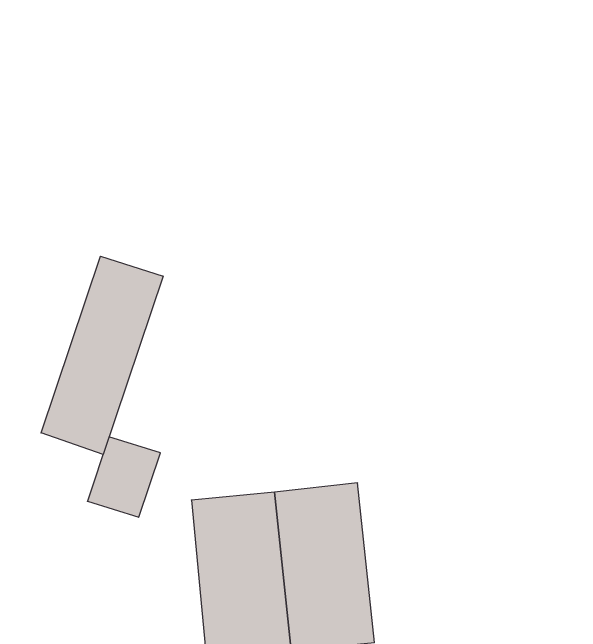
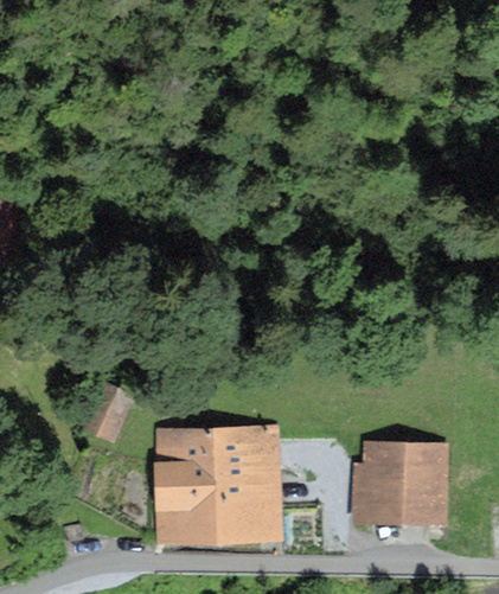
building: [41,256,163,455] -> none
building: none -> [348,439,446,529]

